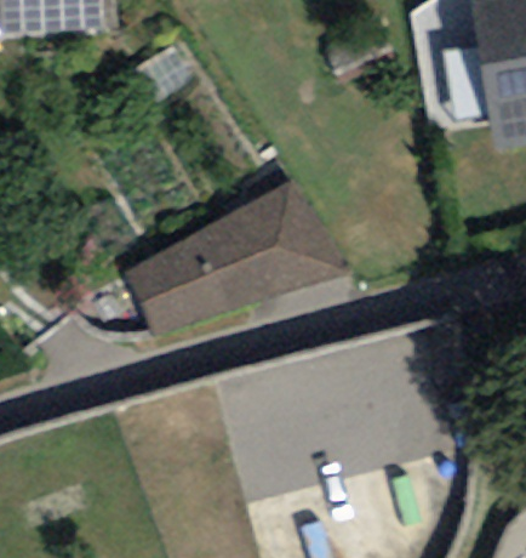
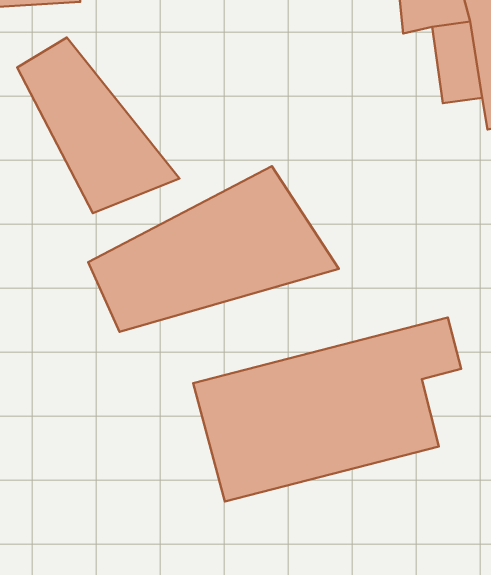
building: none -> [17,38,179,213]

